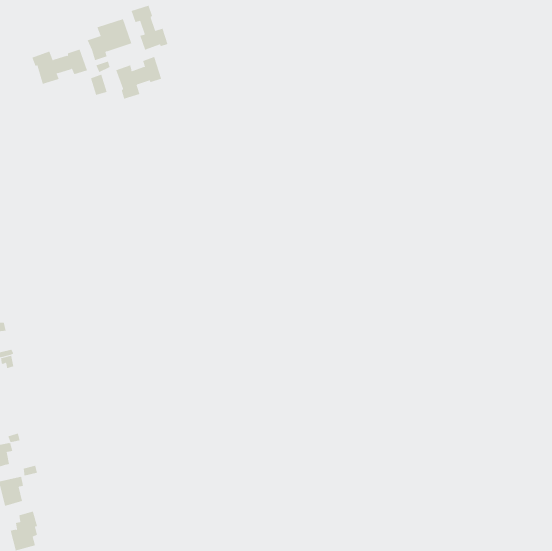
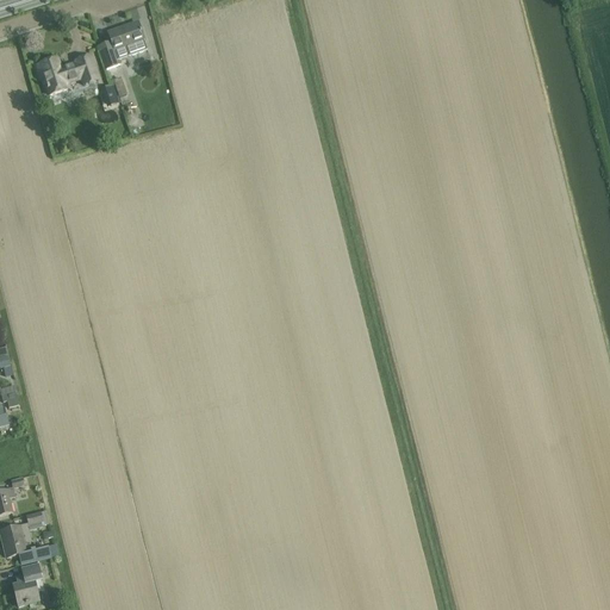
building: [131,5,168,51] -> none
building: [116,56,162,99] -> none

